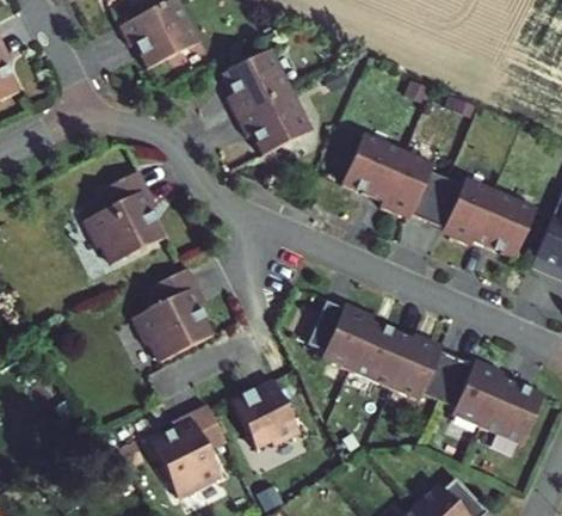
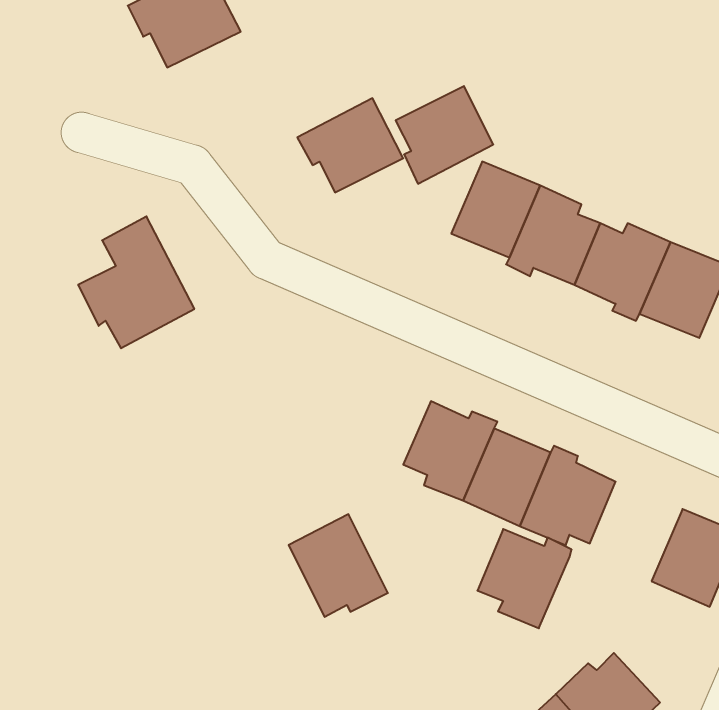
building: [221,48,289,116] -> [396,86,493,184]
building: [132,270,212,361] -> none
building: [440,356,506,425] -> [477,529,572,628]
building: [149,411,226,497] -> none

